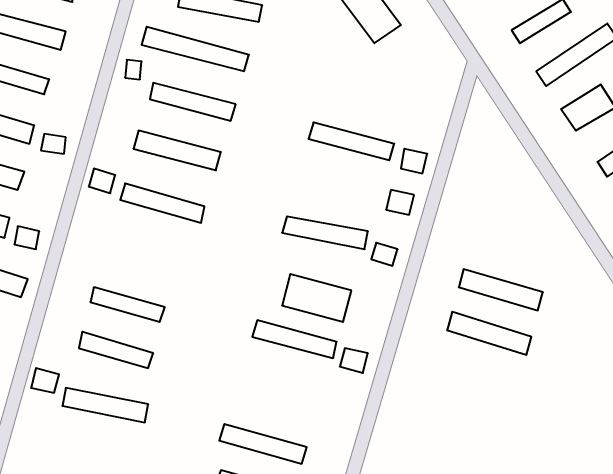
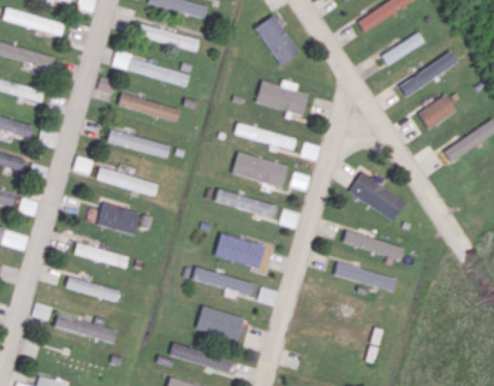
building: none -> [256,81,308,114]
building: none -> [231,152,287,188]
building: none -> [349,172,405,221]
building: none -> [97,203,141,234]
building: none -> [195,305,244,342]

